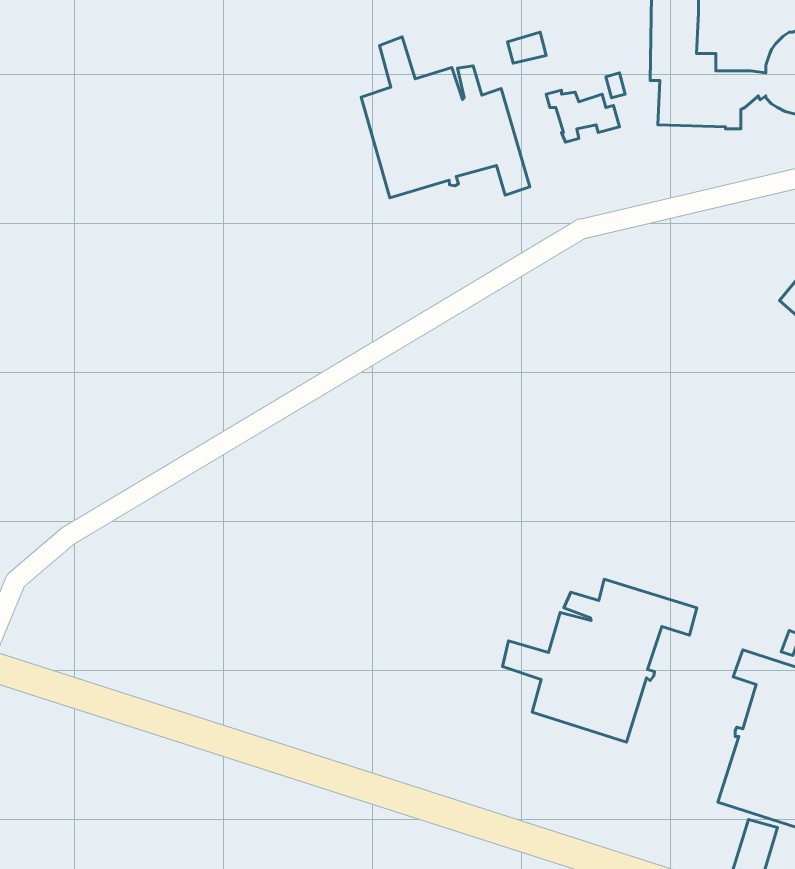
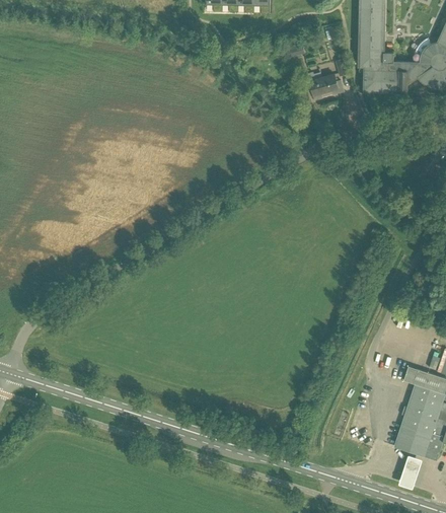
building: [361,37,530,198] -> none
building: [502,579,697,742] -> none

